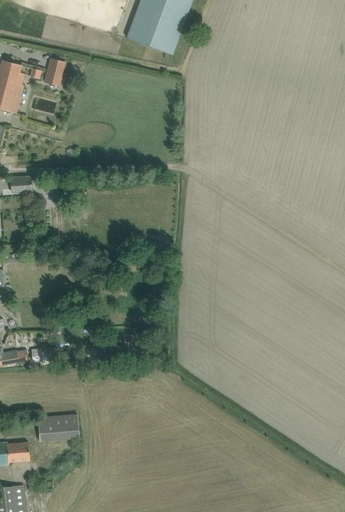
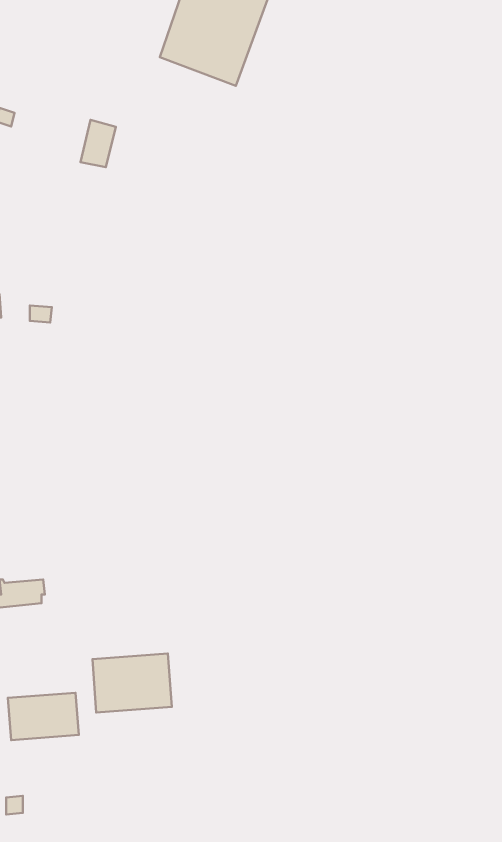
building: [43,57,64,85] -> [80,120,116,167]
building: none -> [92,653,172,713]

